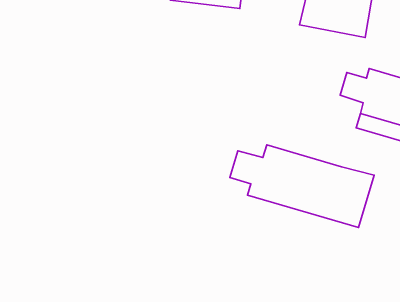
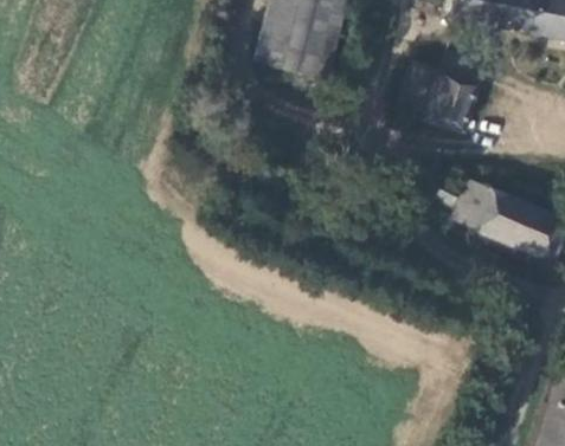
building: [230,145,374,228] -> none

